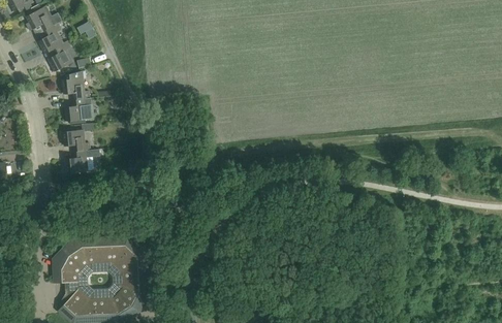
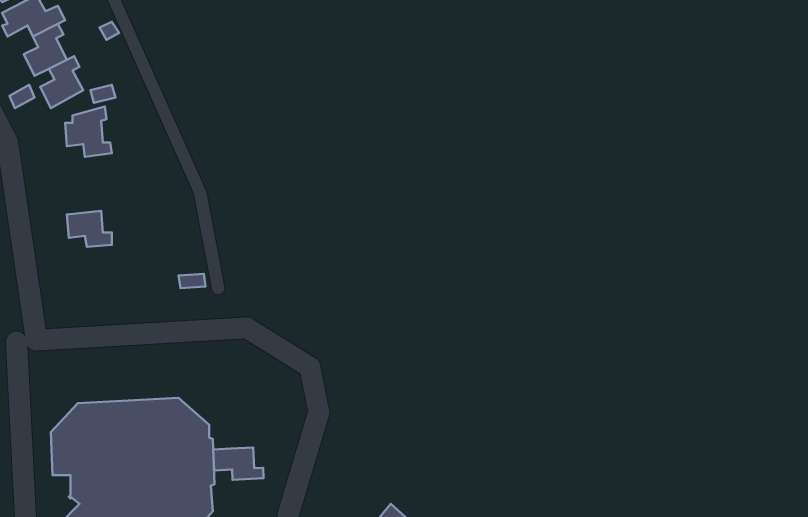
building: [66,97,91,124] -> none
building: [66,150,91,172] -> none
building: none -> [213,447,264,480]

